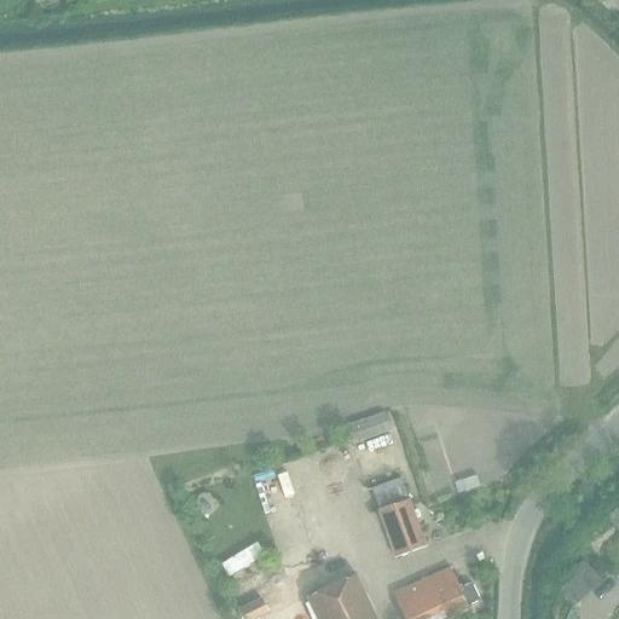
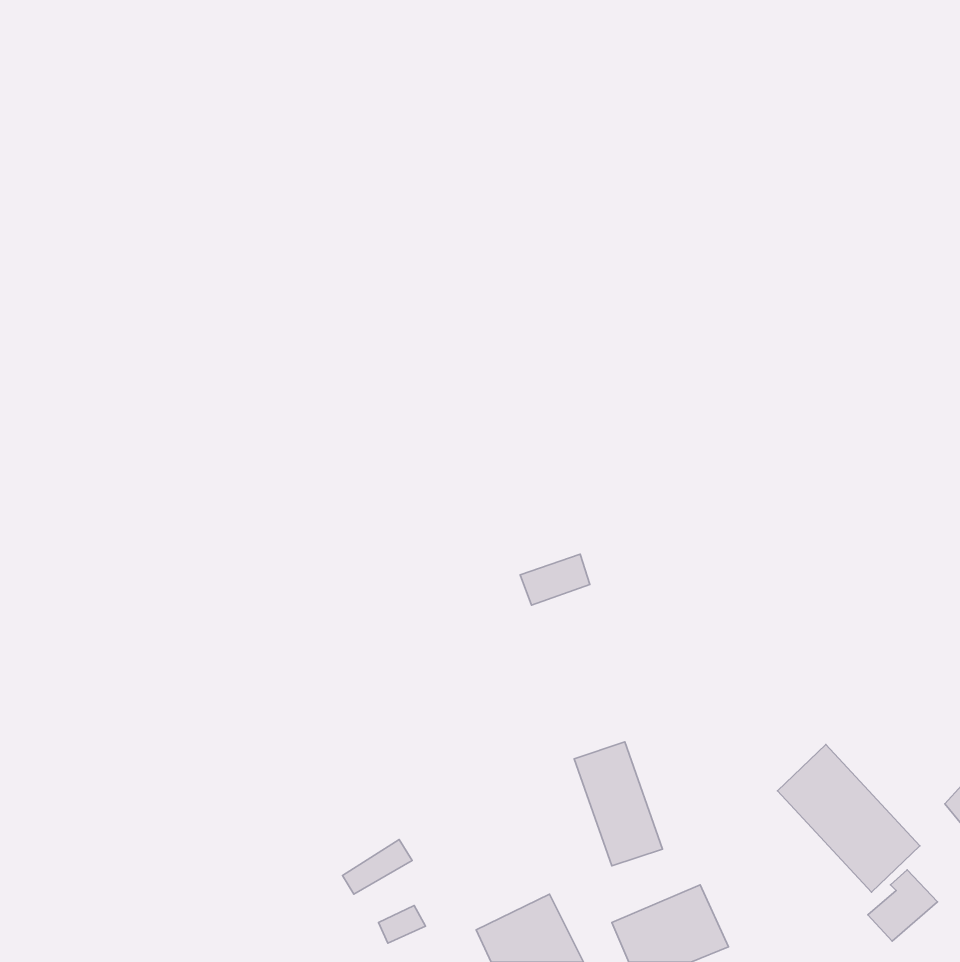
building: [346,410,391,442] -> [520,554,590,605]
building: none -> [777,744,920,892]

